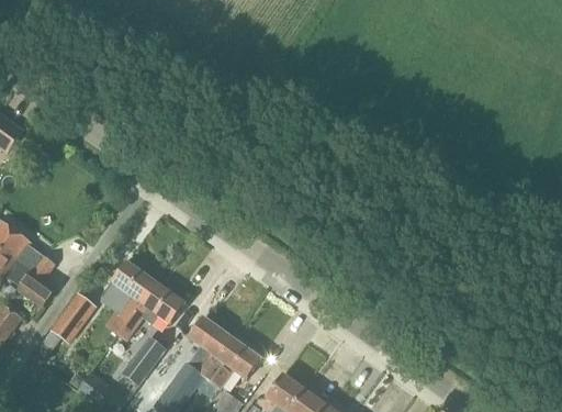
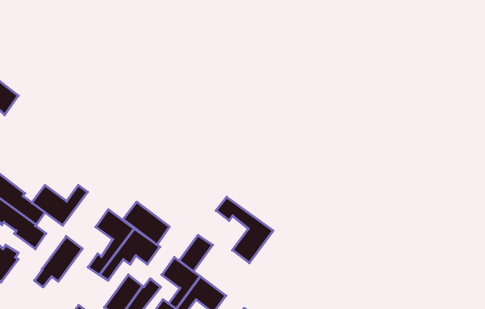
building: none -> [32,185,88,225]
building: none -> [216,197,273,263]
building: none -> [123,202,169,245]
building: none -> [179,235,213,271]

